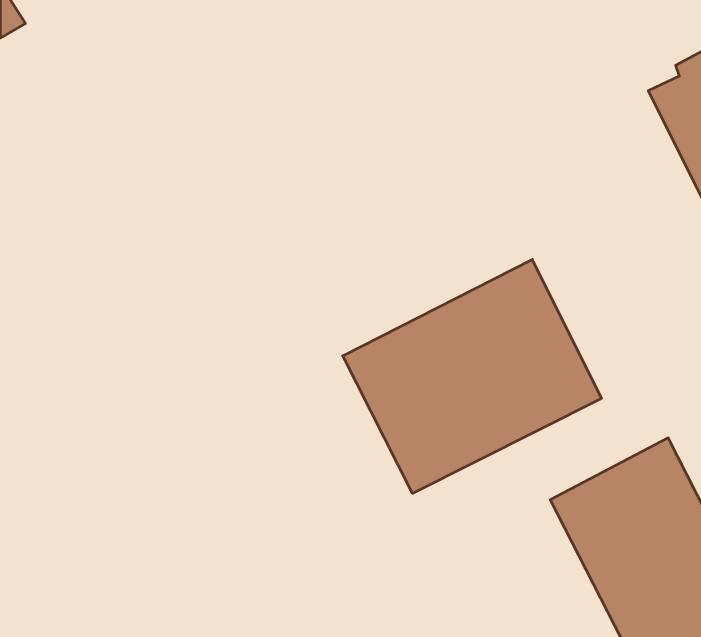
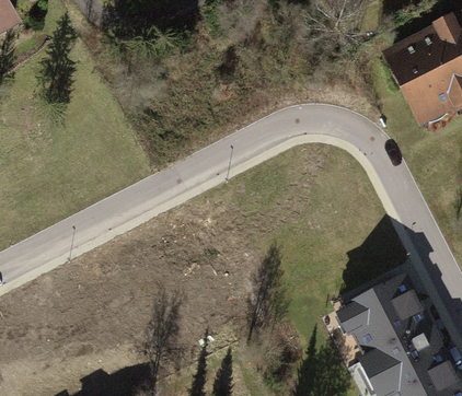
building: [343,259,601,493] -> none

